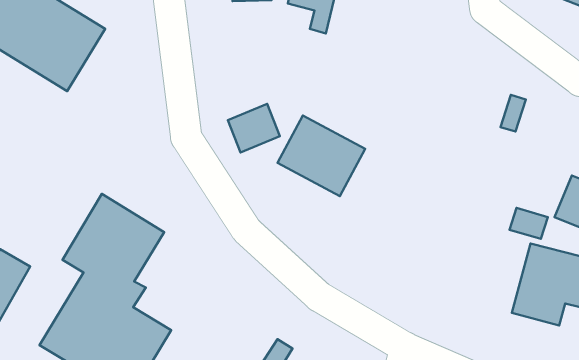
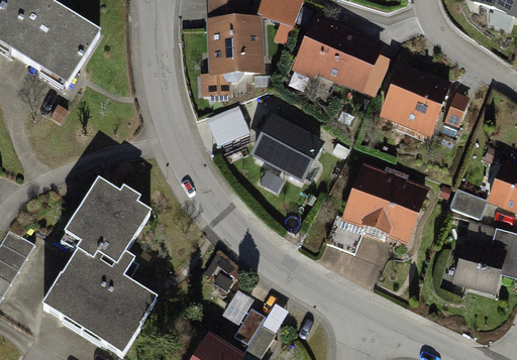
building: none -> [208,14,262,75]
building: none -> [296,19,382,92]
building: none -> [386,66,449,129]
building: none -> [346,170,422,243]

